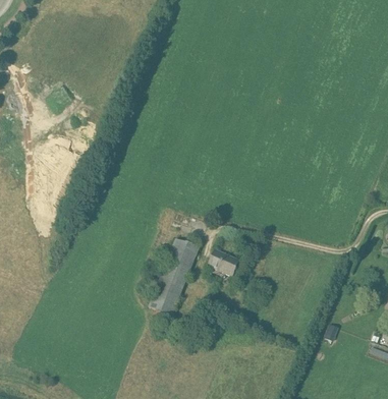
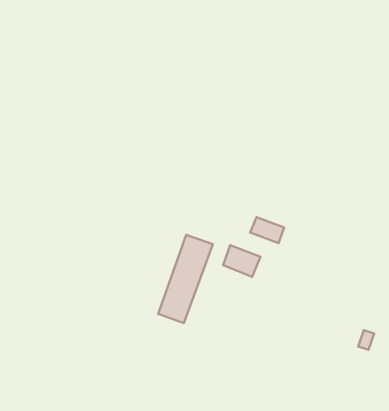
building: none -> [250,217,284,243]

